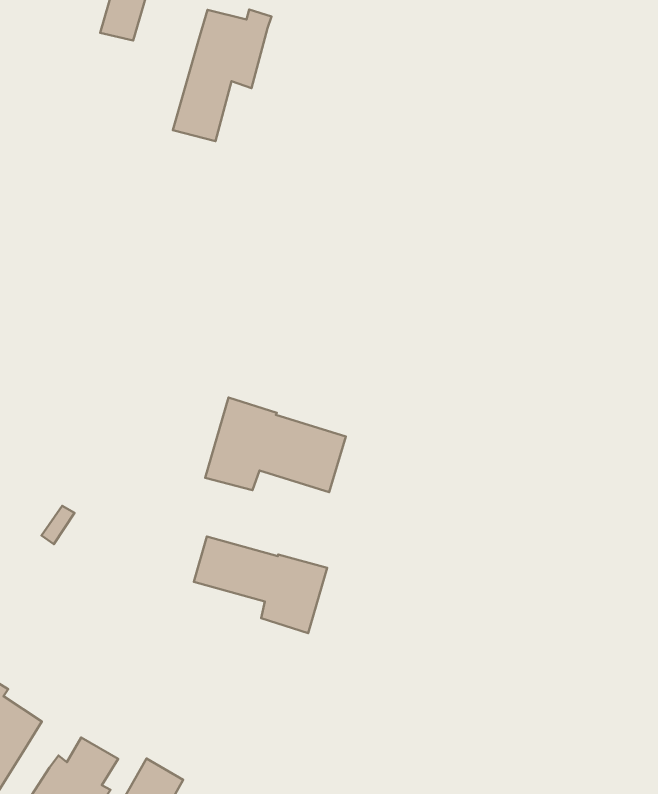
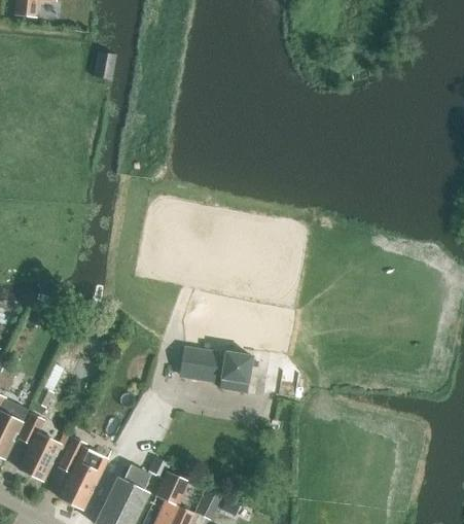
building: [173,10,272,141] -> none
building: [205,397,346,492] -> none

